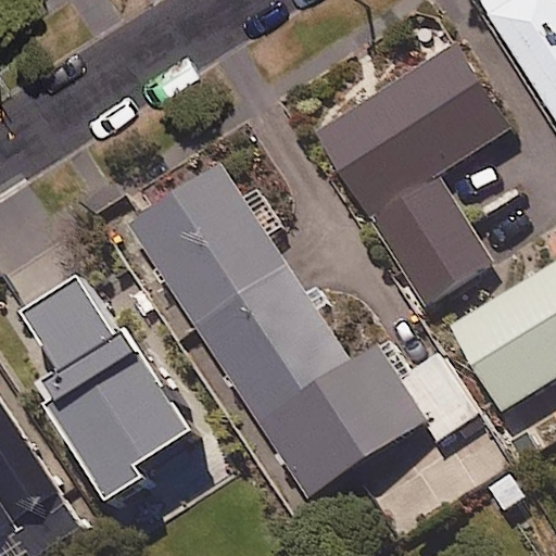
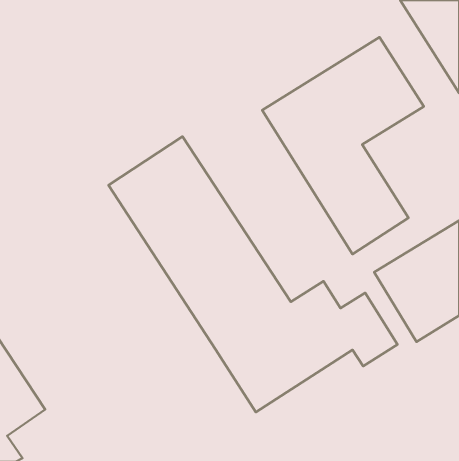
building: [9,263,192,482] -> none

